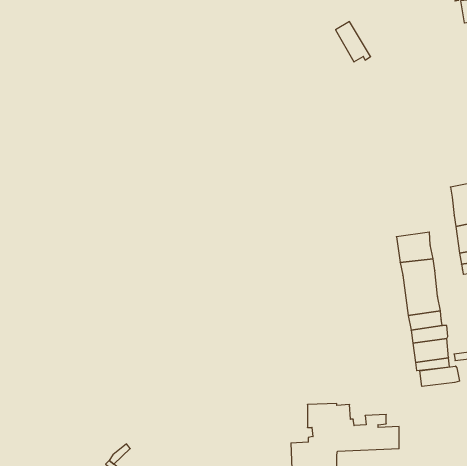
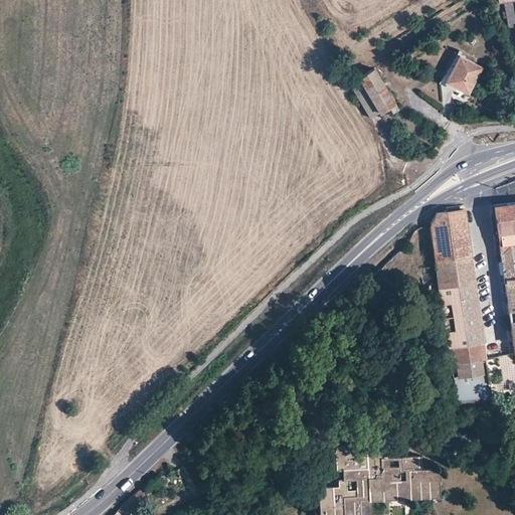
building: [336,22,371,62] -> [361,70,399,115]
building: none -> [448,57,482,95]
building: none -> [432,211,473,263]
building: [420,366,459,386] -> none

